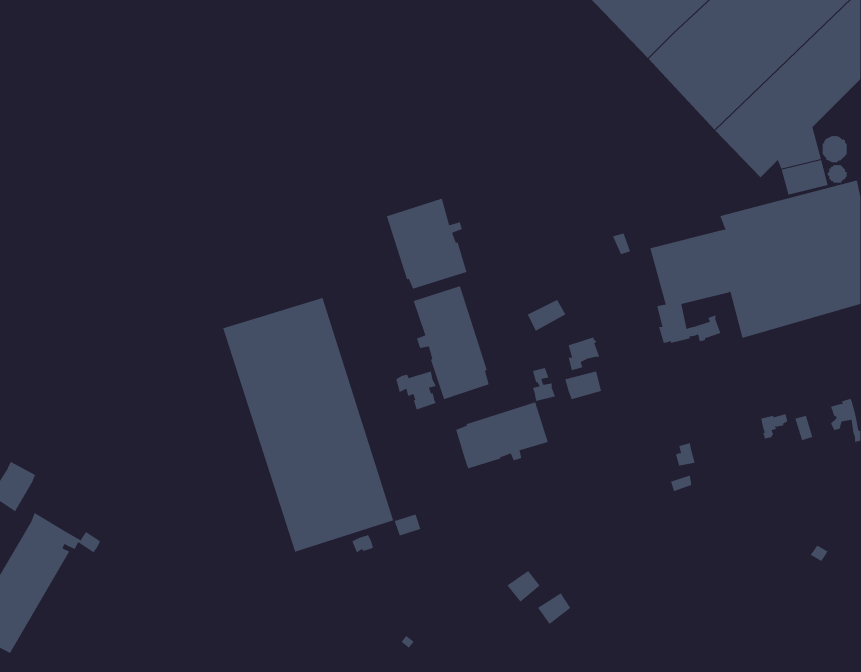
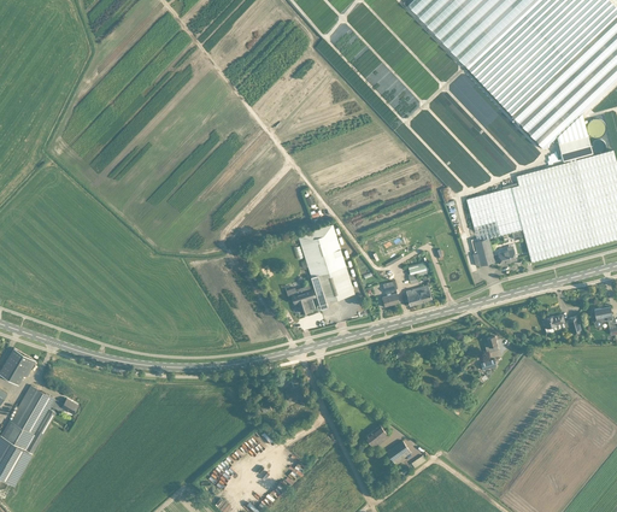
building: [386,198,467,289] -> none
building: [222,297,394,553] -> none
building: [455,401,549,469] -> none

